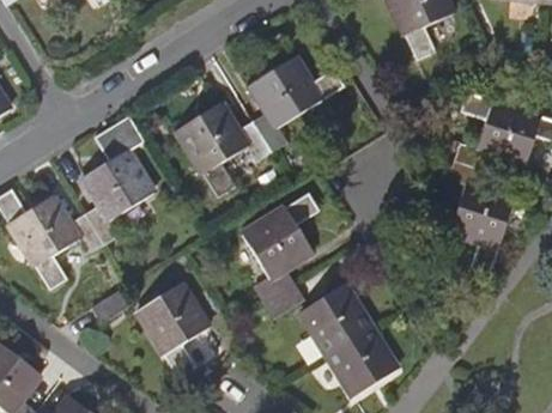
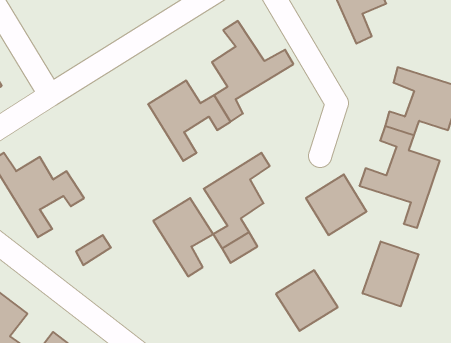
building: [83,126,153,242] -> none
building: [139,283,208,373] -> [153,198,213,276]
building: [299,283,370,353] -> [306,174,367,235]
building: none -> [363,241,419,306]

